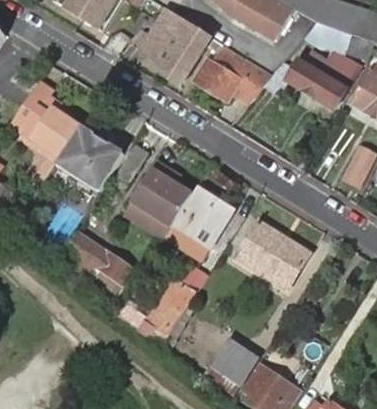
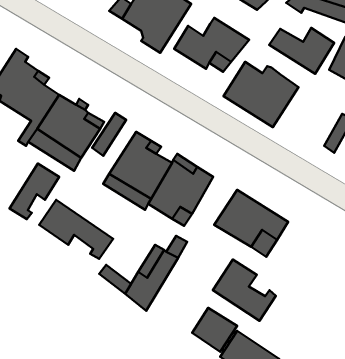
building: none -> [223,62,299,127]
building: none -> [9,163,59,219]
building: none -> [213,259,276,321]

